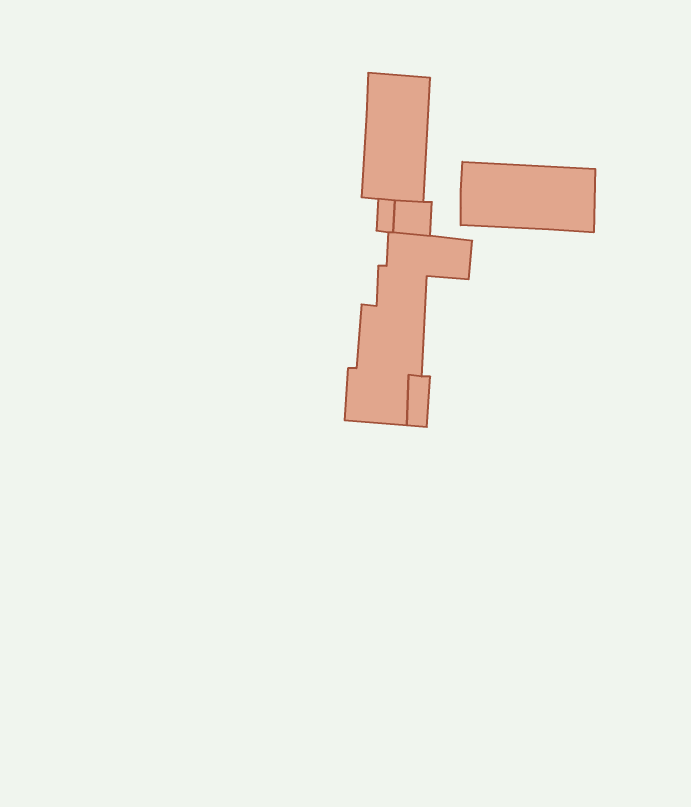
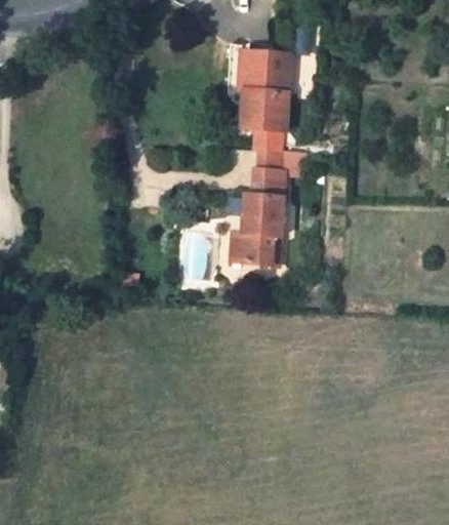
building: [461,162,595,232] -> none

